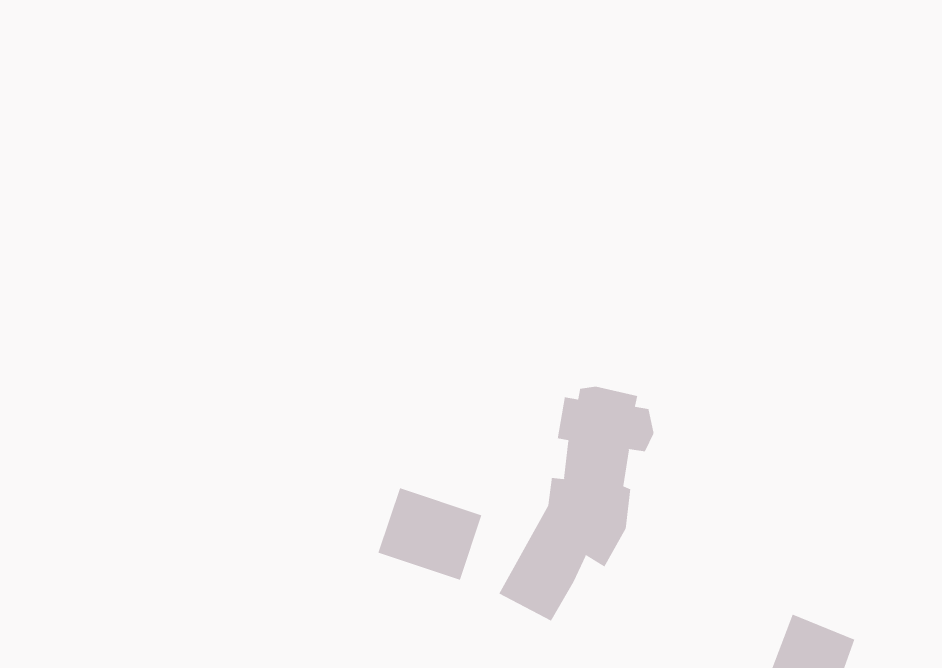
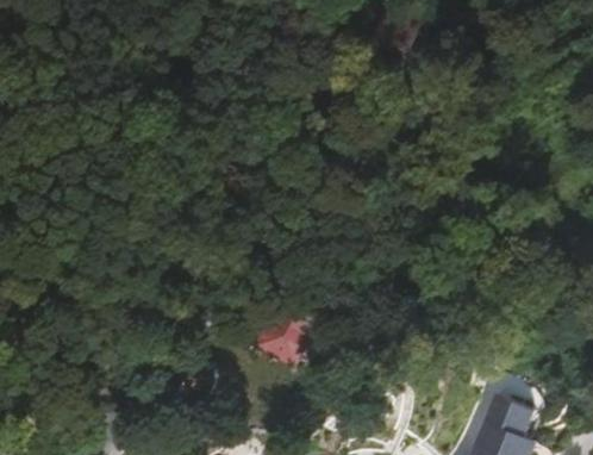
building: [499,386,654,622] -> none

